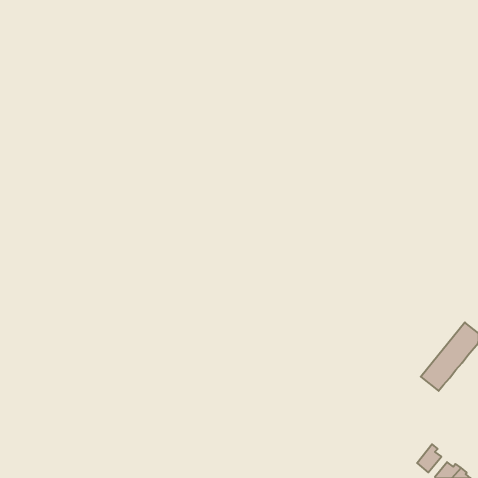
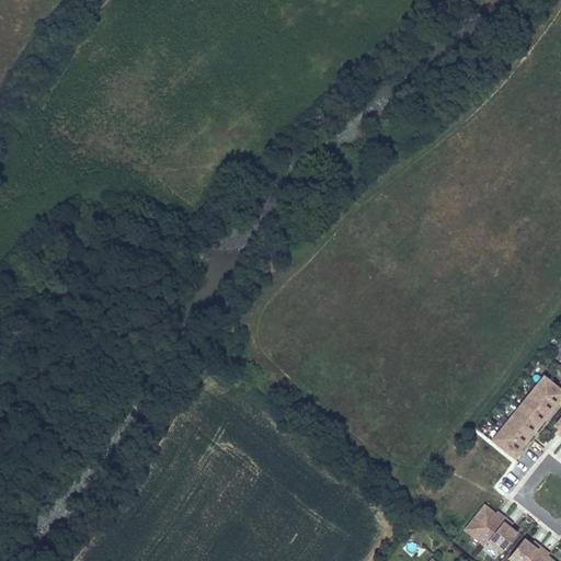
building: none -> [466,506,506,546]

